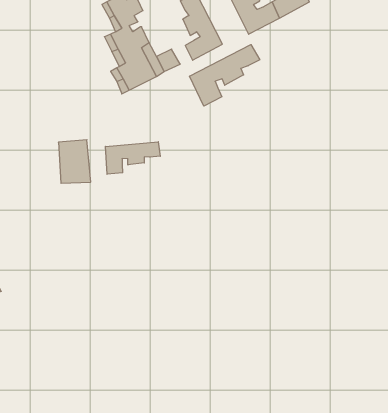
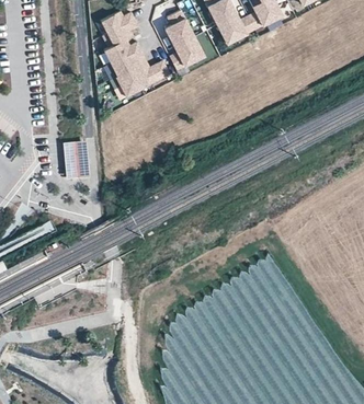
building: [190,45,260,106] -> none
building: [105,142,160,174] -> none

